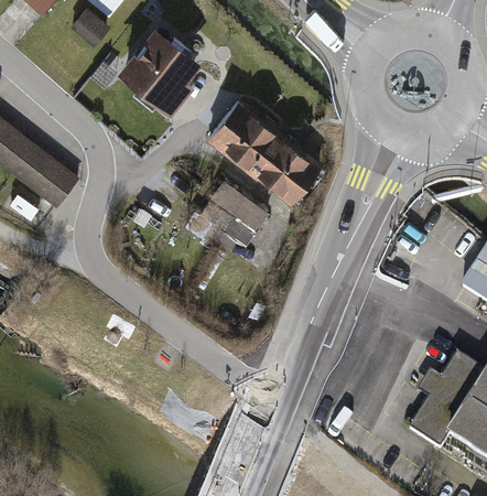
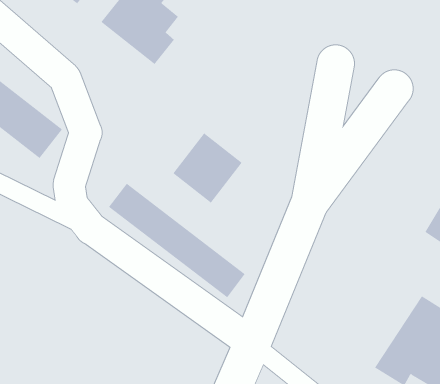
building: [209,100,323,203] -> none
building: none -> [108,183,245,298]

